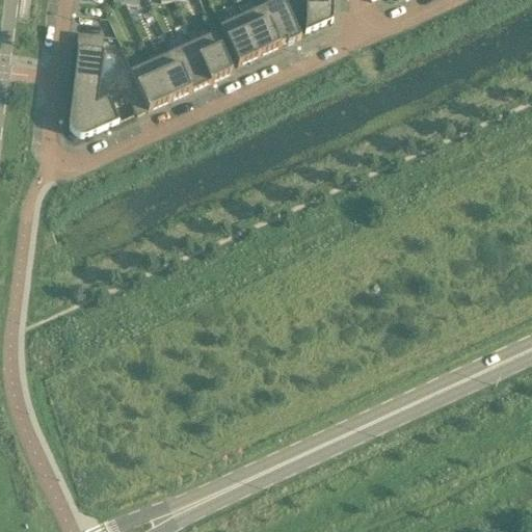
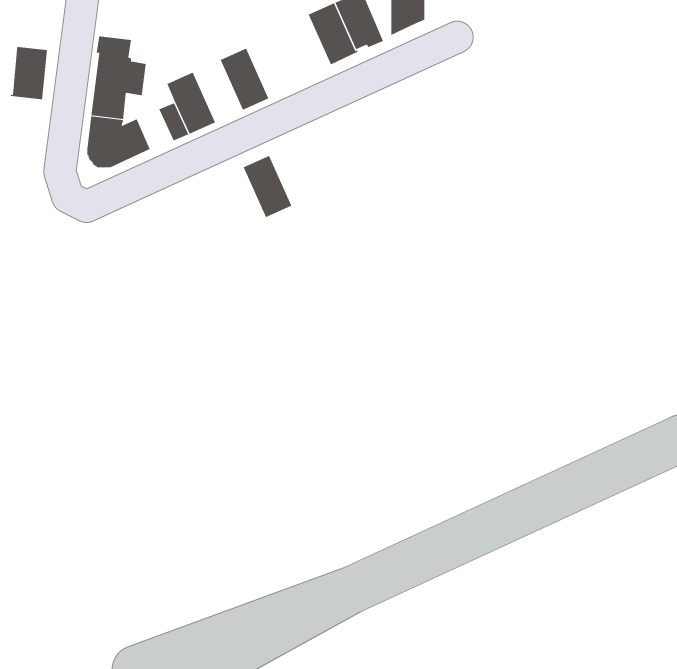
building: [222,11,261,60] -> none
building: [195,28,234,77] -> none
building: none -> [10,46,47,100]
building: [154,47,192,96] -> [243,155,292,218]

